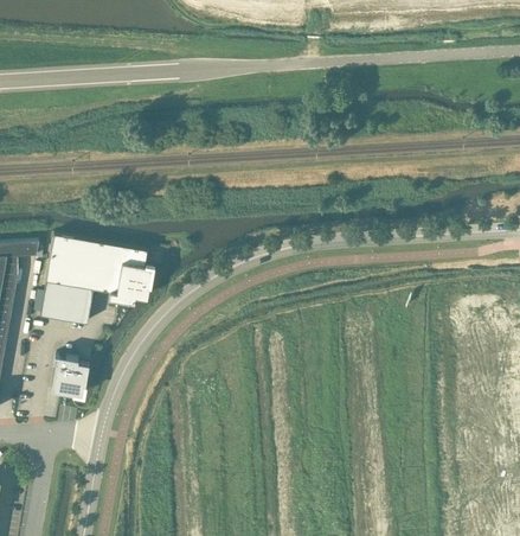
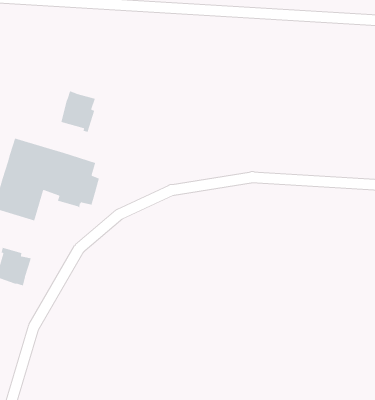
building: none -> [60,90,96,133]

